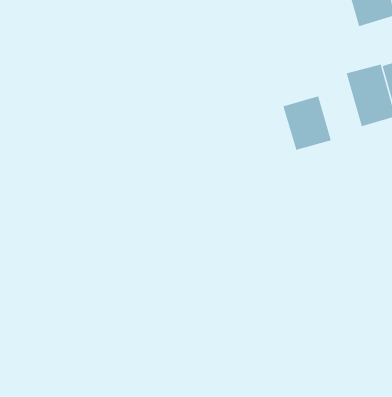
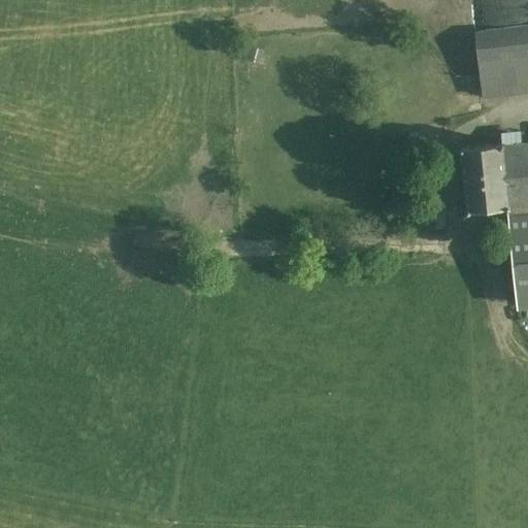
building: [283,95,331,151] -> none

